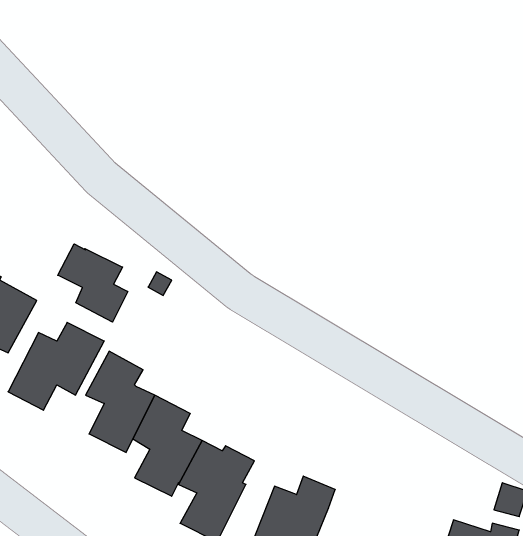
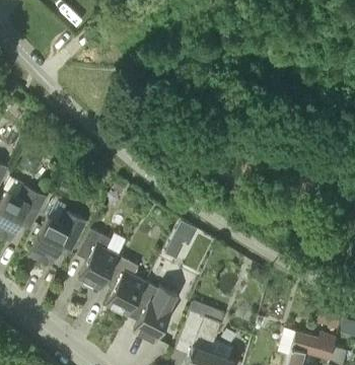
building: [58,244,128,322] -> none
building: none -> [165,221,198,259]

